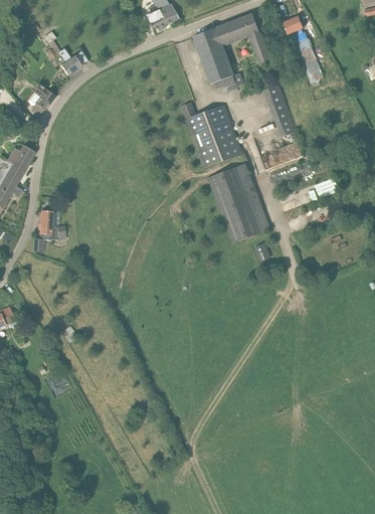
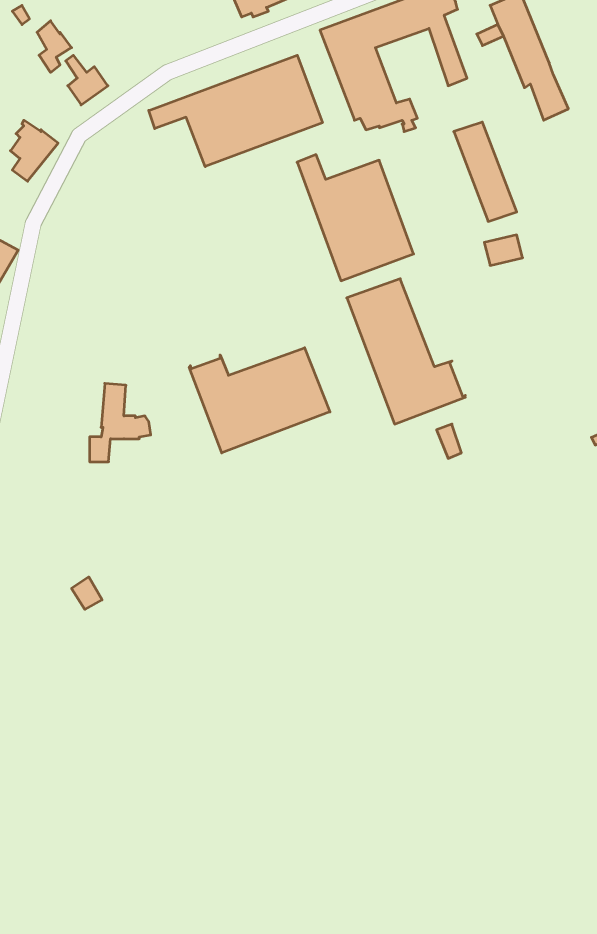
building: none -> [149,55,322,167]
building: none -> [189,348,330,453]
building: [34,209,66,250] -> [90,383,151,462]

